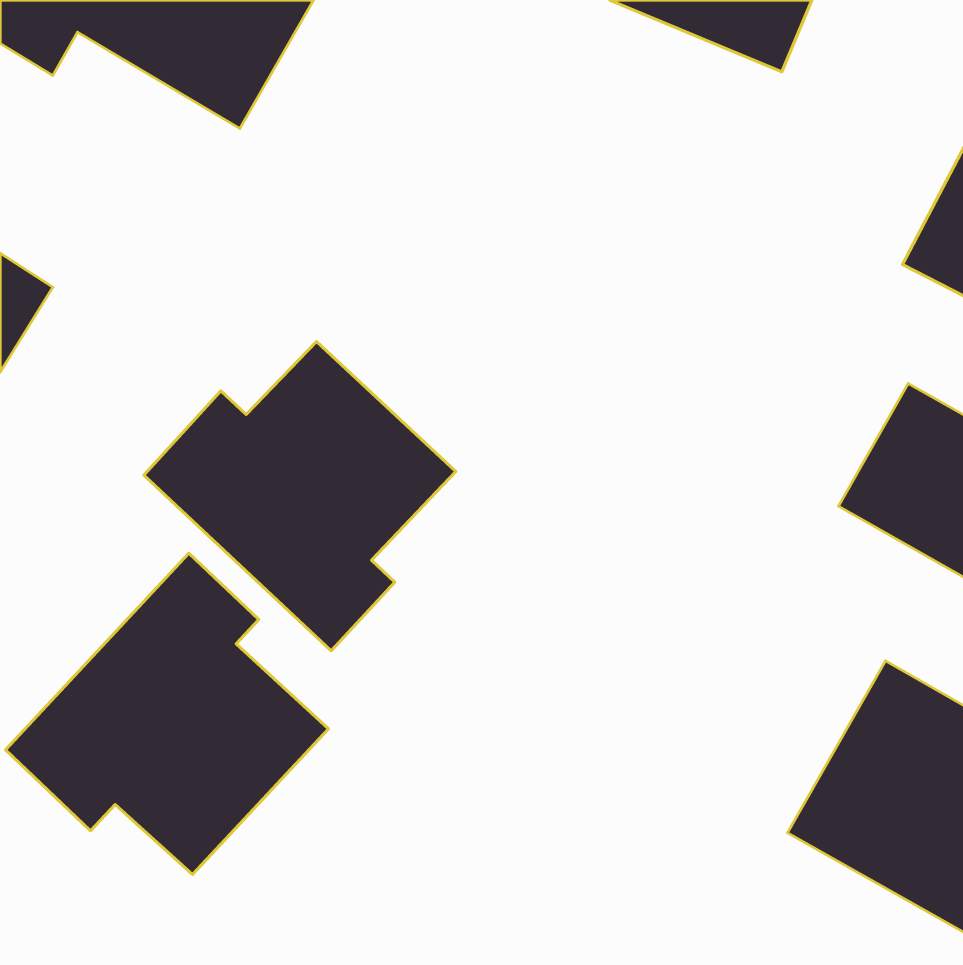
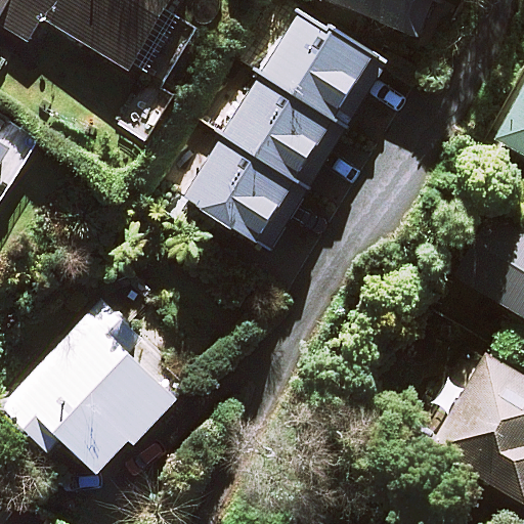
building: none -> [185,7,375,239]
building: [144,342,456,651] -> none

